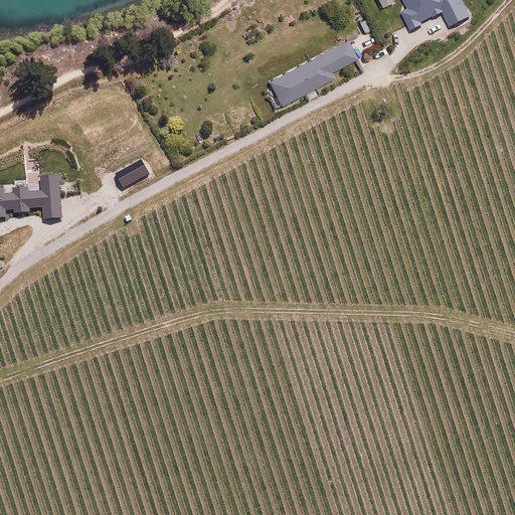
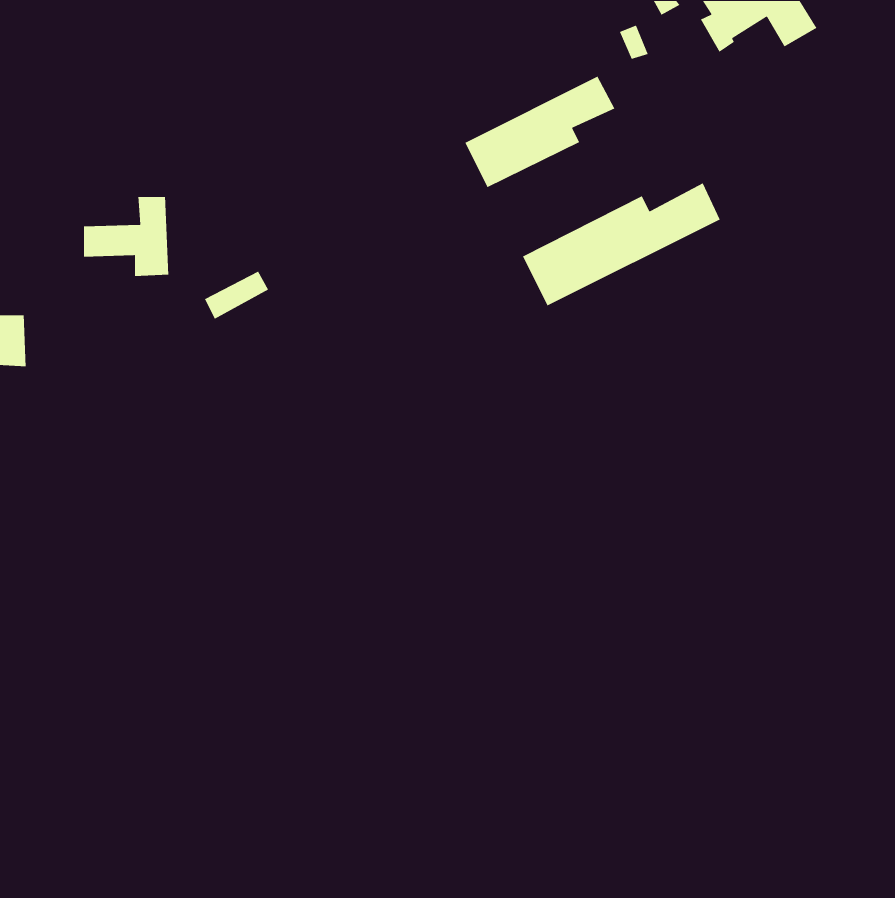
building: none -> [522,182,721,306]
building: [19,168,68,214] -> [83,196,169,277]

